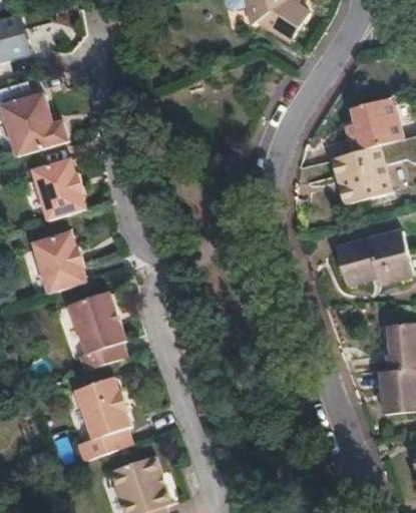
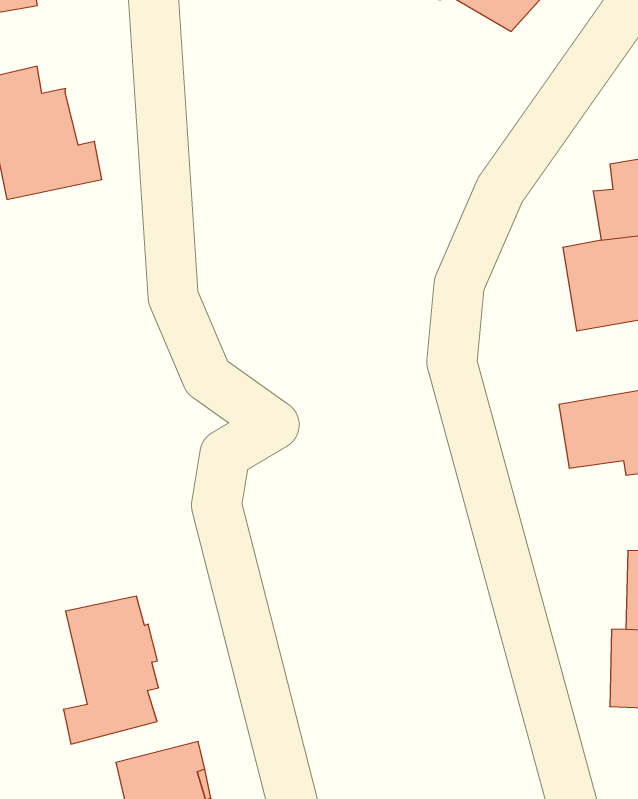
building: [28,161,81,224] -> none
building: [29,232,82,295] -> none
building: [66,290,123,370] -> none

